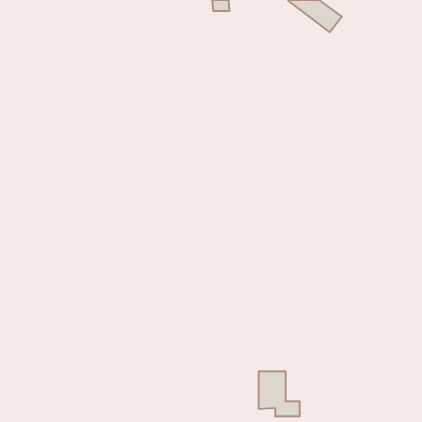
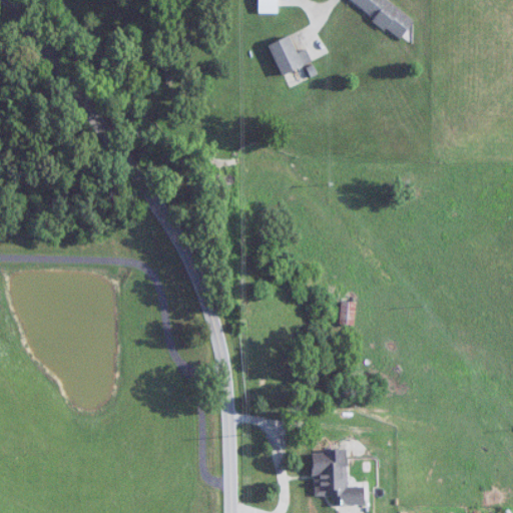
building: none -> [269,35,304,75]
building: none -> [340,301,357,325]

